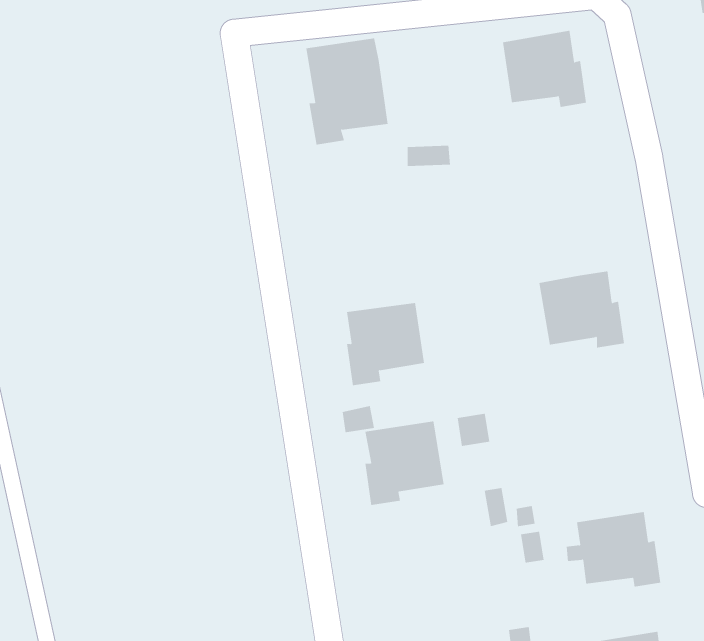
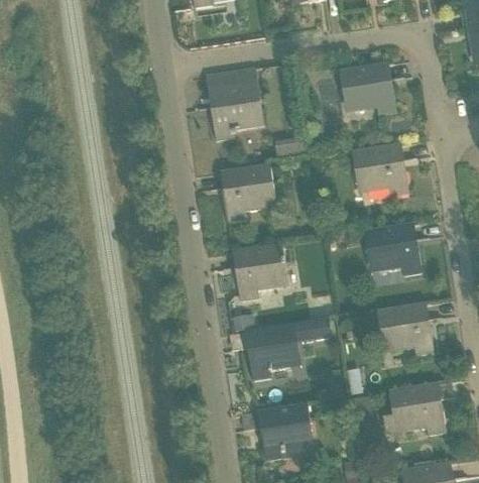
building: none -> [351,143,408,195]
building: none -> [223,163,275,220]
building: none -> [376,304,433,354]
building: none -> [259,403,313,459]

